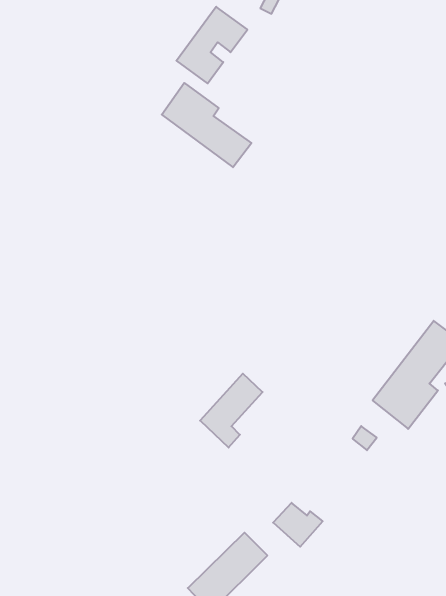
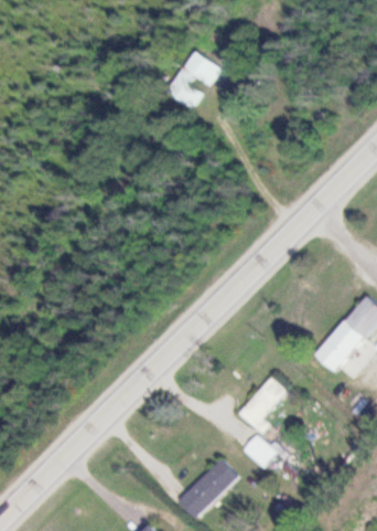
building: [162,83,251,167] -> none
building: [200,374,263,448] -> [238,376,287,434]

